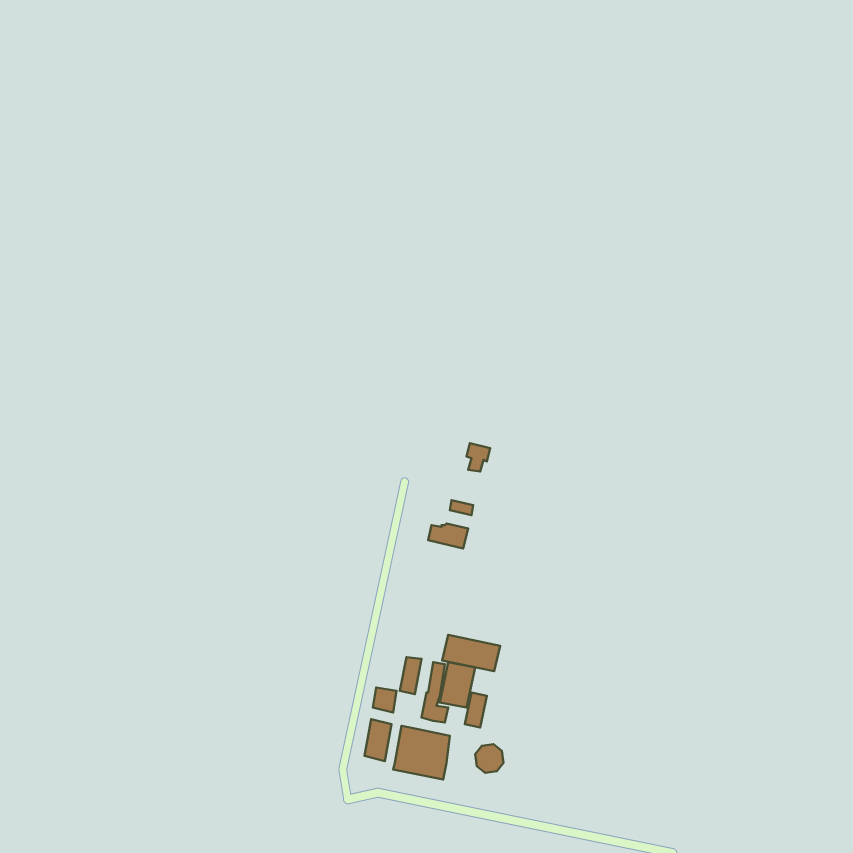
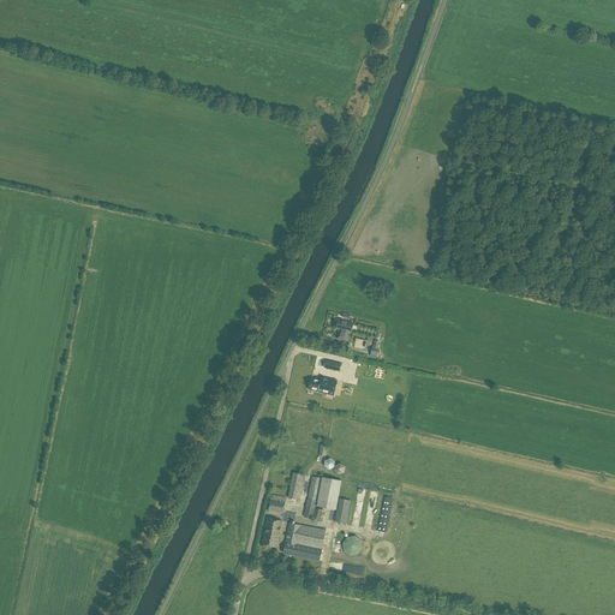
building: [442,635,500,671] -> none

